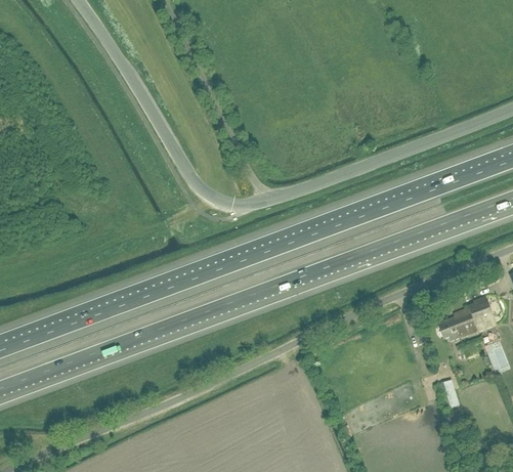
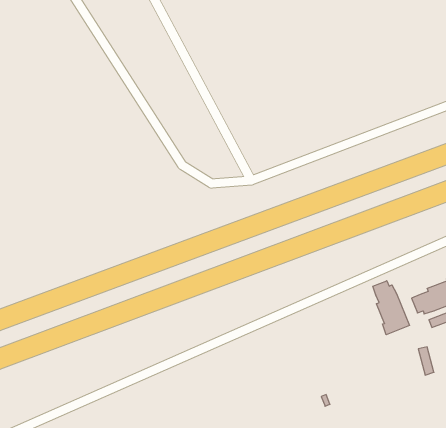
building: none -> [373,281,410,335]

